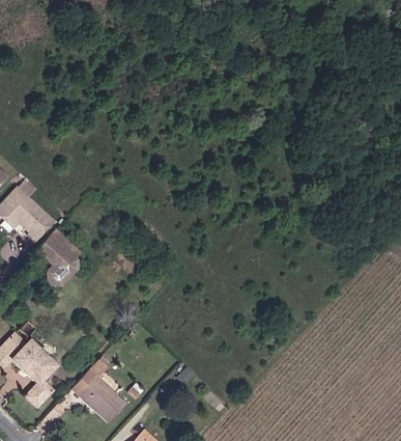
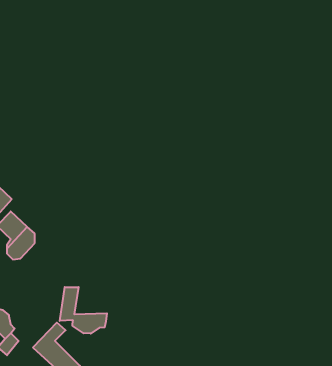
building: none -> [60,287,107,334]

